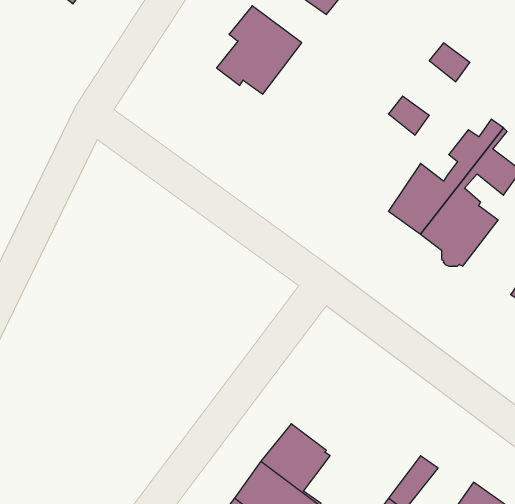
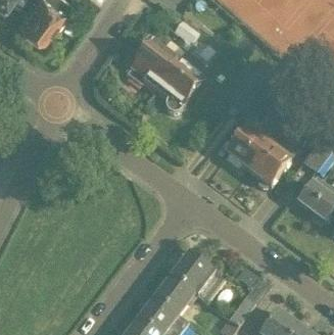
building: none -> [154,57,209,112]
building: none -> [171,253,225,303]

